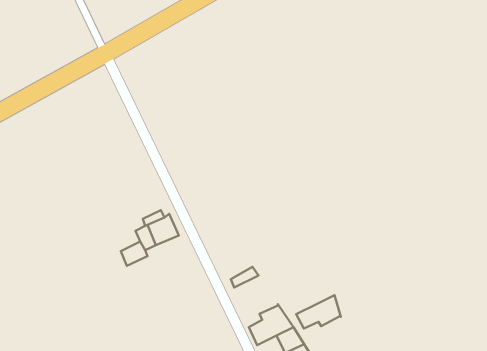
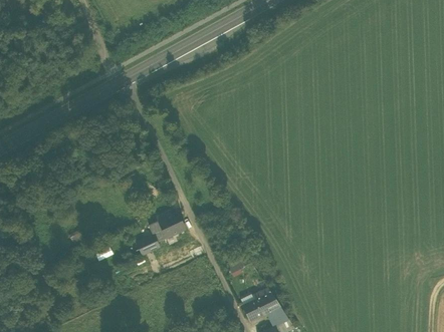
building: [296,295,341,328] -> none

